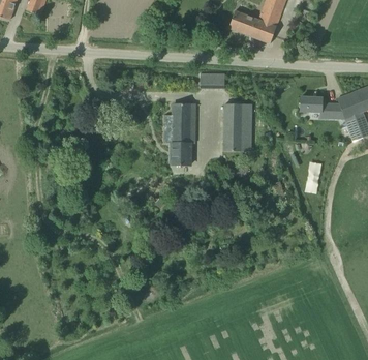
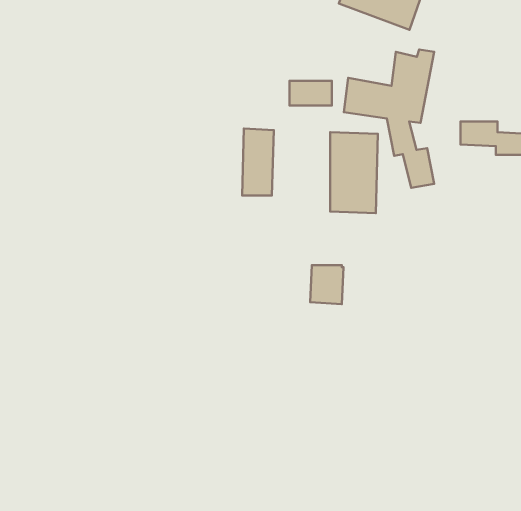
building: none -> [344,49,434,188]
building: [171,141,190,163] -> [310,265,343,304]

